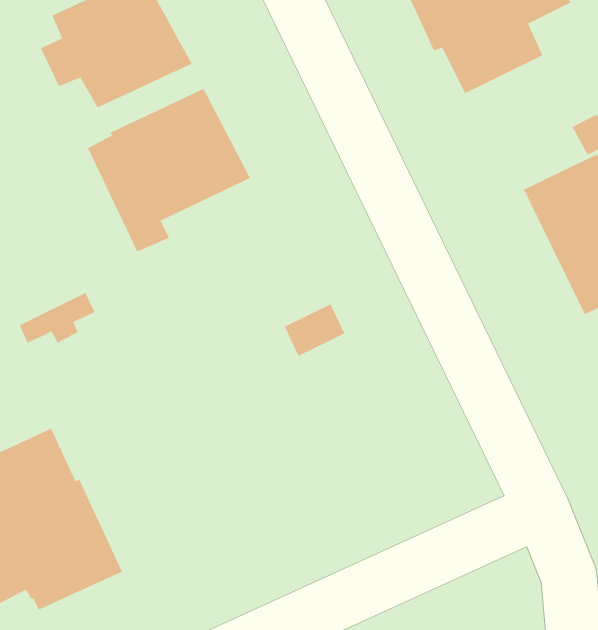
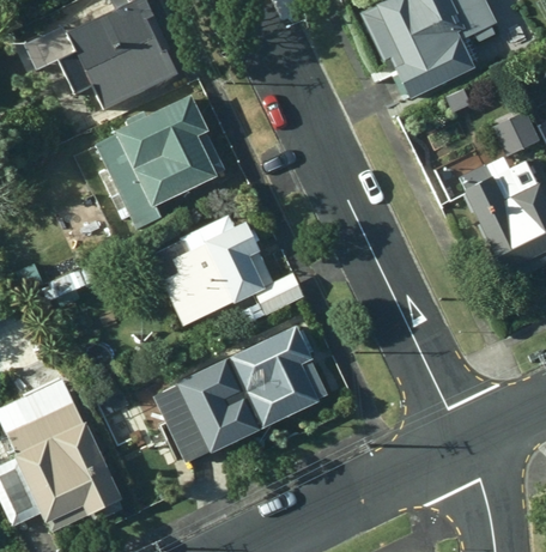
building: none -> [150,214,275,326]
building: none -> [152,324,334,463]

